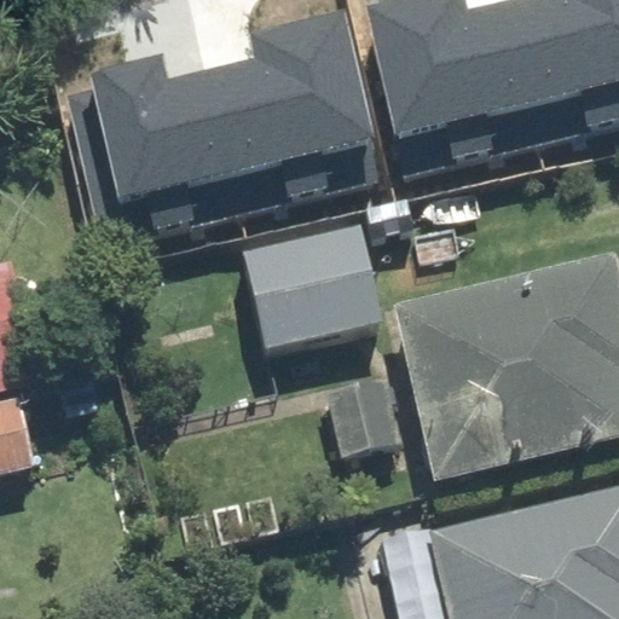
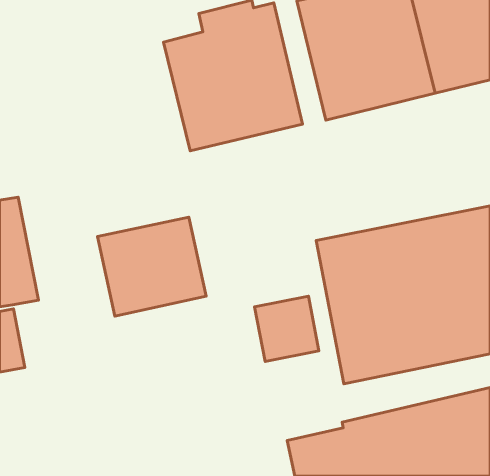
building: [65,41,239,222] -> none
building: [243,222,380,347] -> [98,217,206,316]

